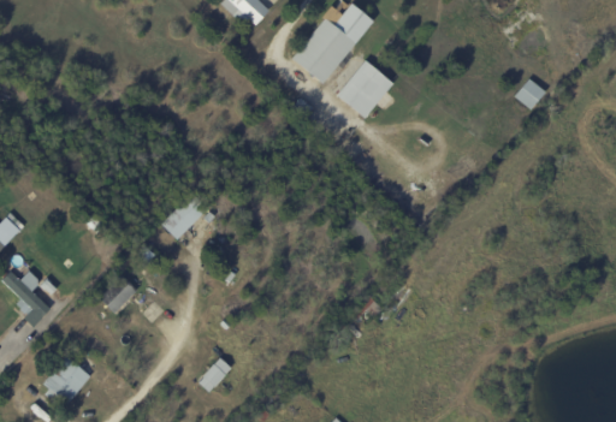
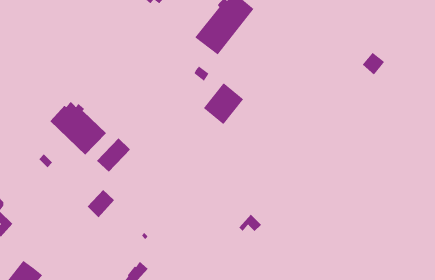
building: [337,60,392,118] -> [203,82,244,125]
building: none -> [49,101,107,156]
building: [100,274,137,313] -> [87,189,115,218]

